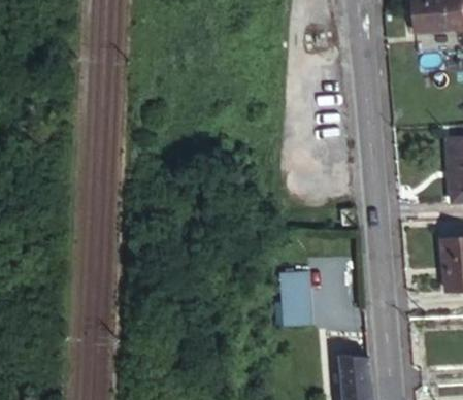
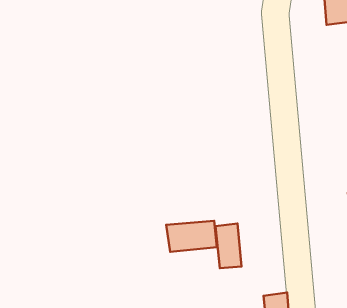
building: none -> [166,221,217,252]

